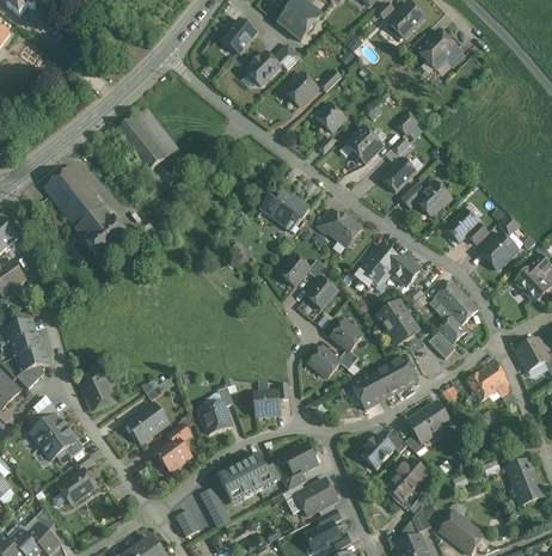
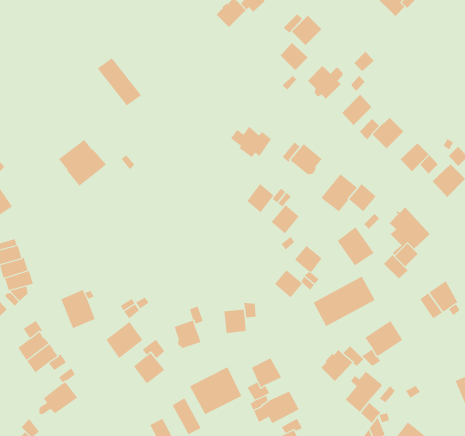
building: [284,72,318,105] -> [291,15,322,46]
building: [134,106,179,158] -> none
building: [43,165,104,227] -> none

